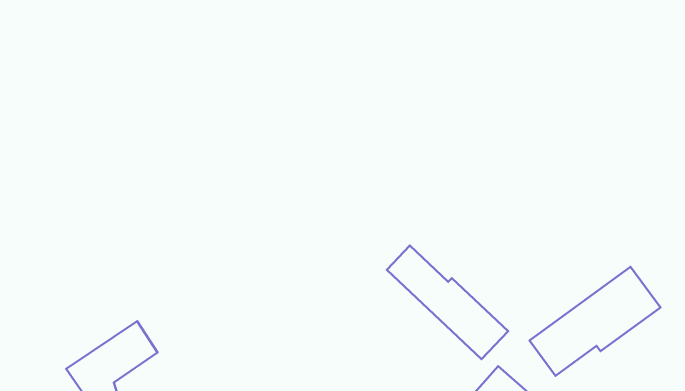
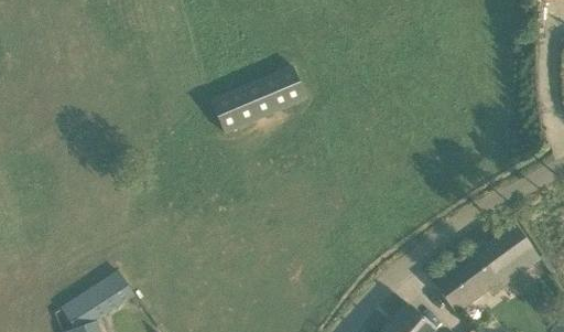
building: none -> [210,63,307,133]
building: [387,246,508,359] -> none

